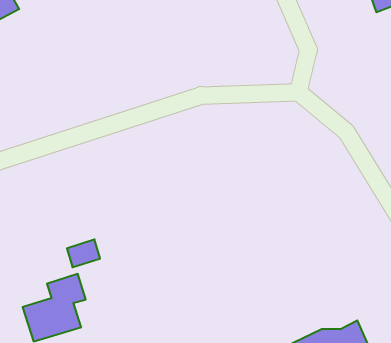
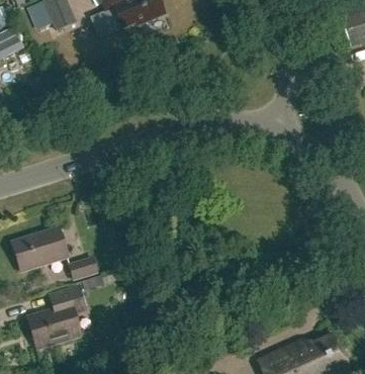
building: none -> [12,227,68,271]

